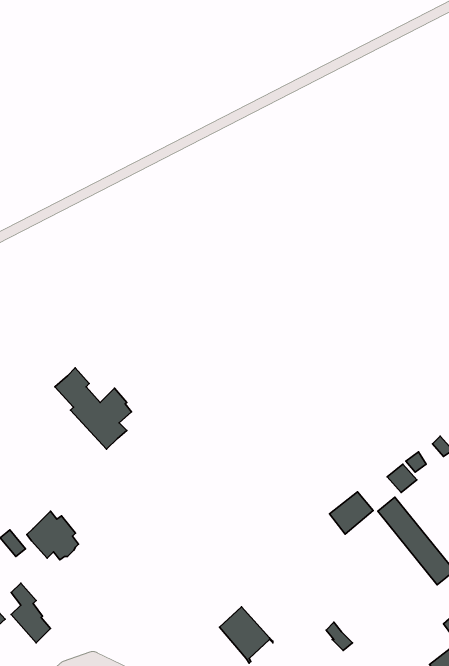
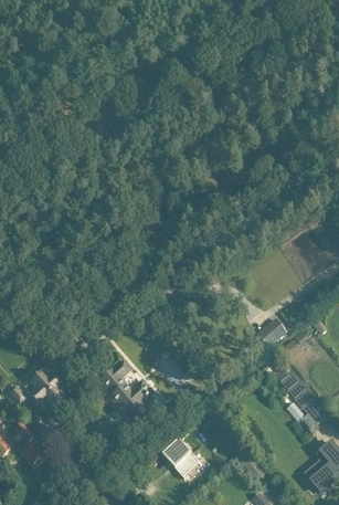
building: [55,368,132,449] -> [99,367,153,424]
building: [329,492,373,534] -> [256,318,287,348]

